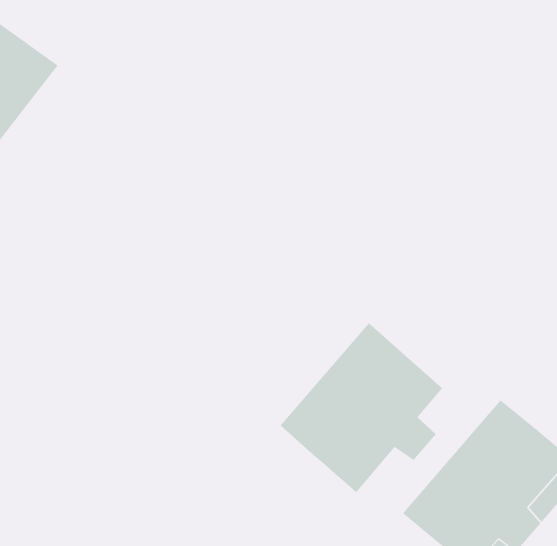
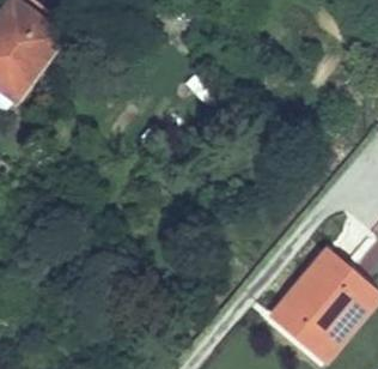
building: [280,322,443,493] -> none

